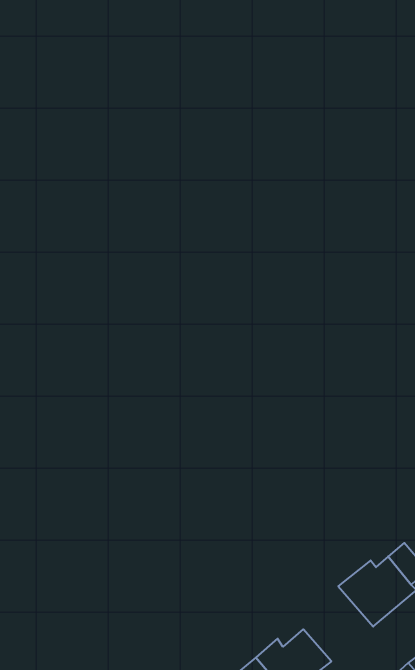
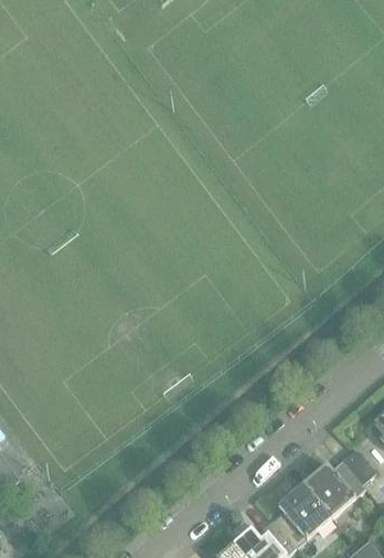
building: none -> [270,485,328,547]

